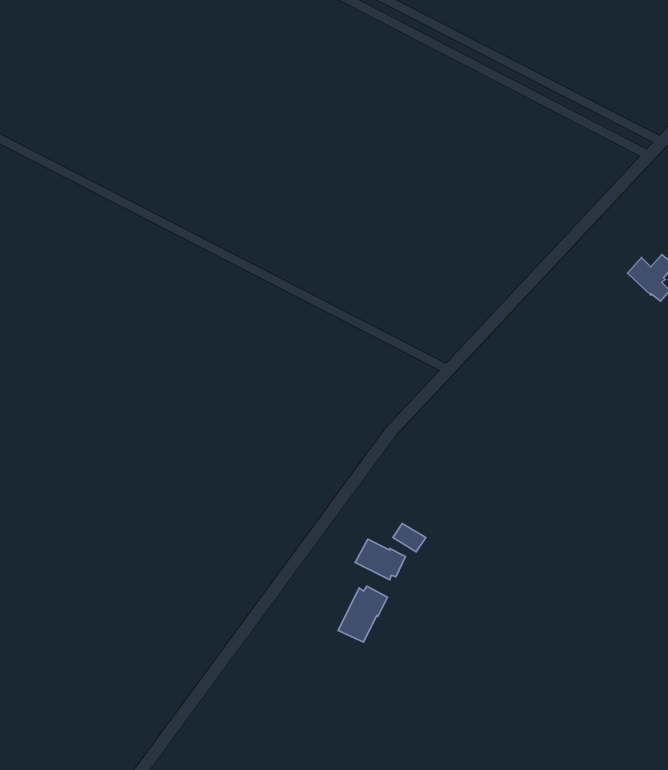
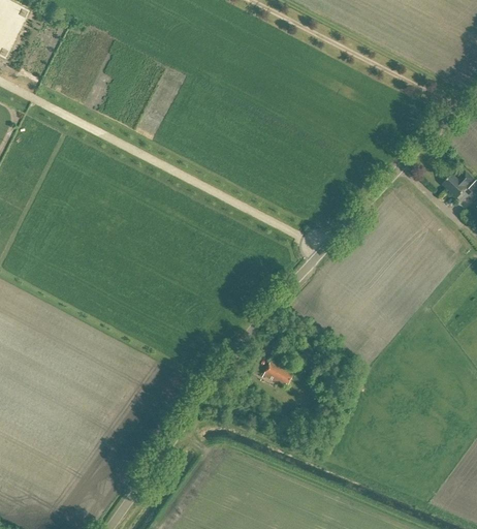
building: [338,586,388,642] -> none

